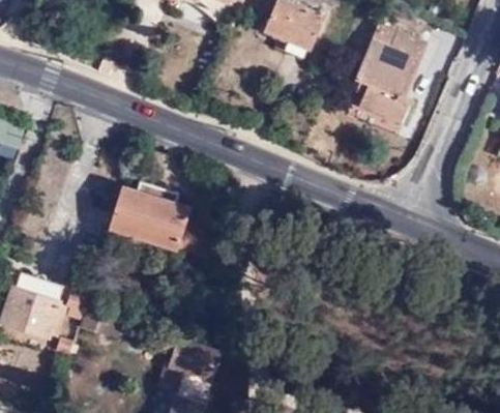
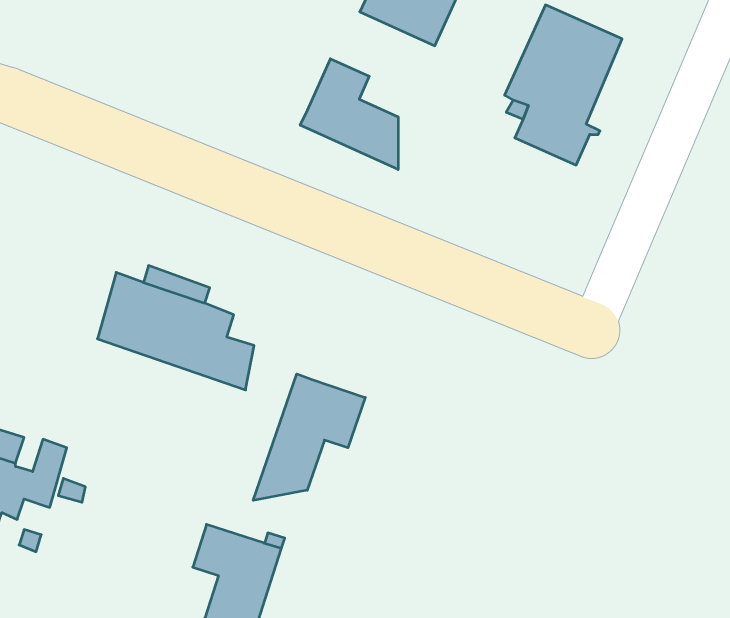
building: none -> [300,59,398,170]
building: none -> [253,374,365,500]

